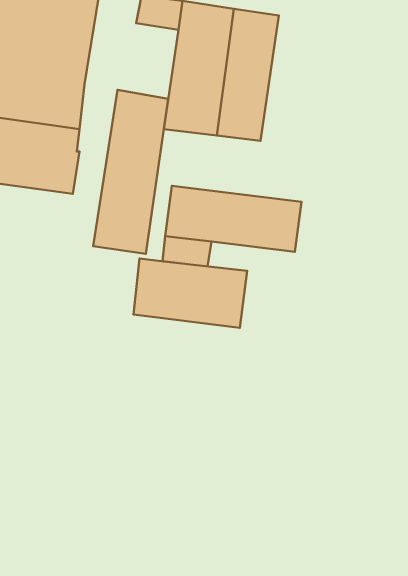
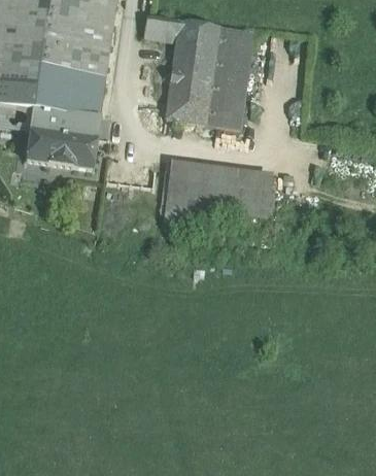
building: [93,90,168,254] -> none
building: [133,259,247,328] -> none

